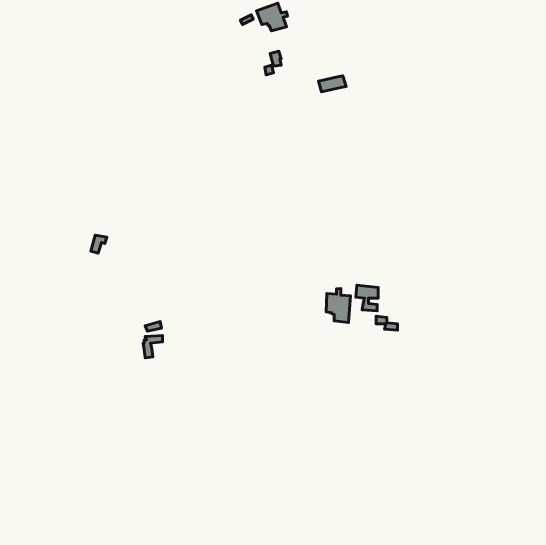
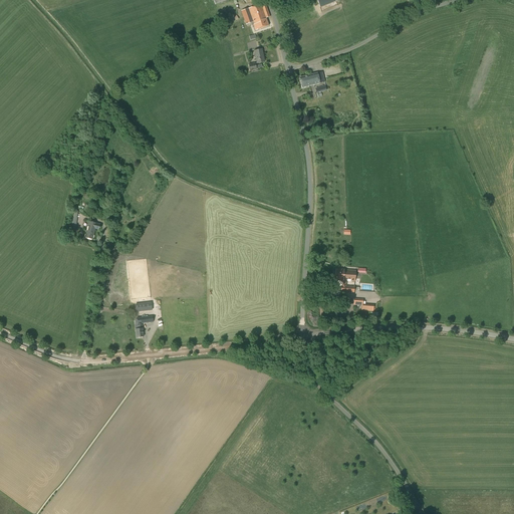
building: [326,289,351,323] -> none

